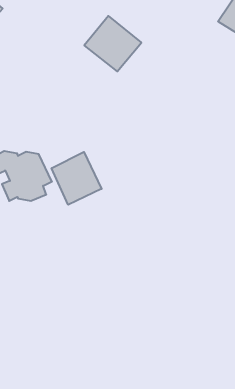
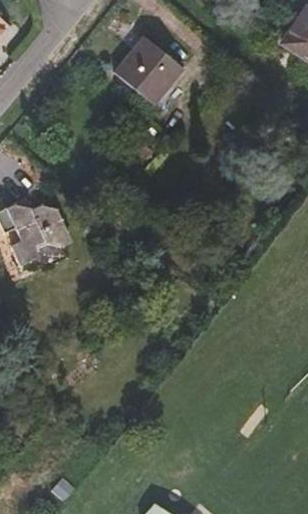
building: [52,152,102,205] -> none

